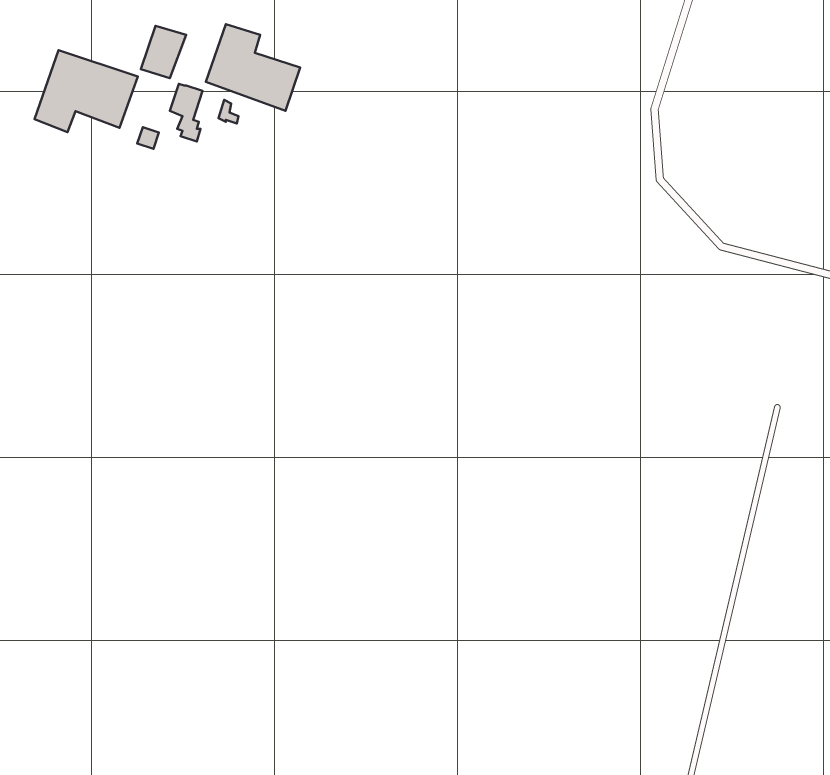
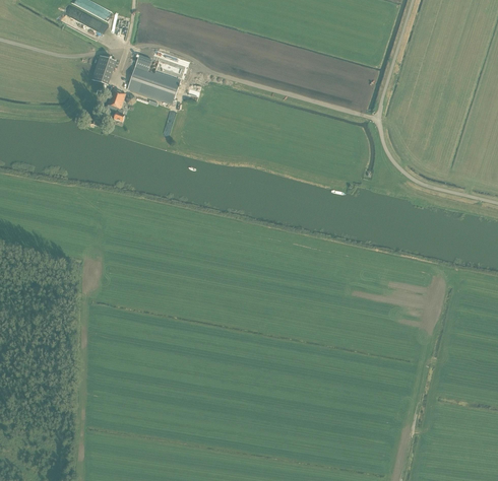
building: [34,50,138,132] -> none

